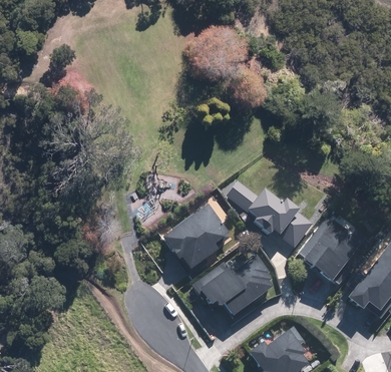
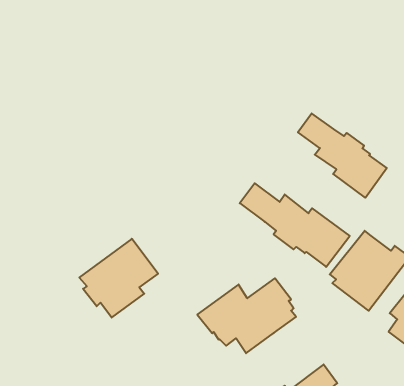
building: none -> [298,113,387,198]
building: [165,206,229,269] -> [79,239,158,318]

